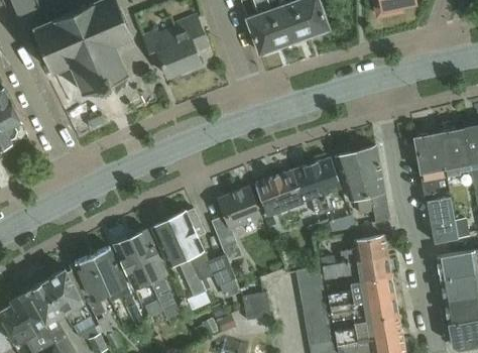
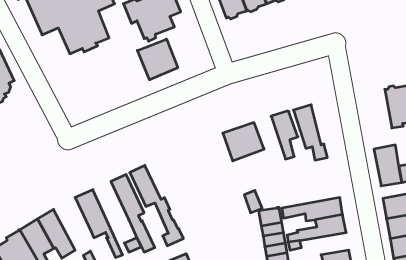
building: none -> [137,39,178,80]
building: [415,134,449,194] -> none
building: [356,146,389,223] -> none
building: [291,164,327,216] -> none
building: [214,187,260,248] -> none
building: [168,210,235,291] -> none
building: [322,236,388,268] -> none
building: [114,238,150,289] -> none
building: [72,256,108,317] -> none
building: [243,292,271,321] -> none
building: [350,296,398,321] -> none

